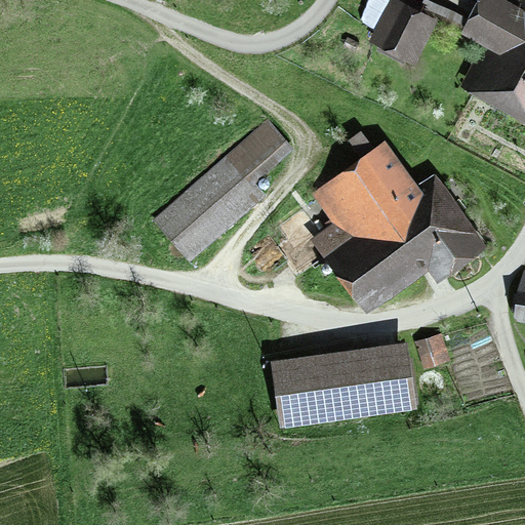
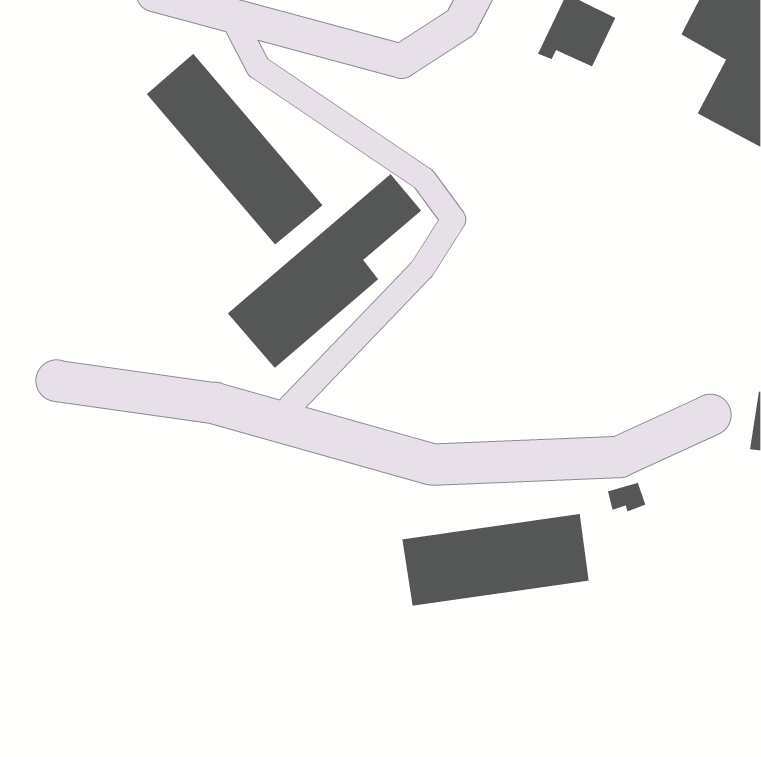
building: none -> [146,53,323,245]
building: [320,146,471,293] -> none

